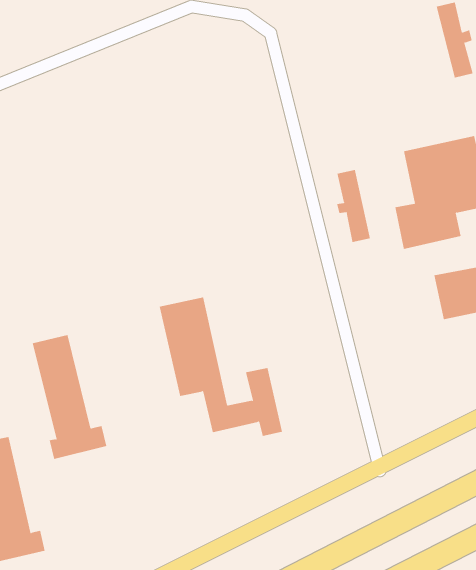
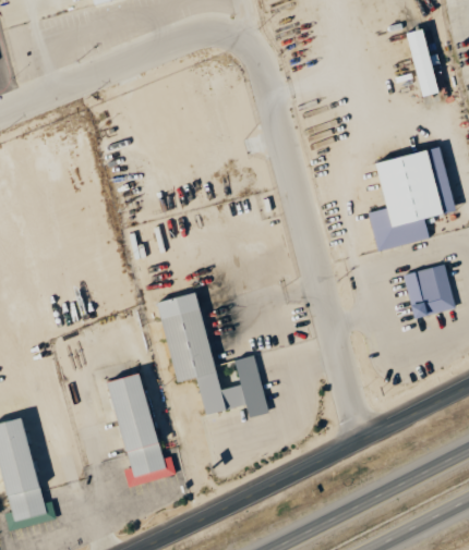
building: [337,169,370,243] -> none
building: [32,335,107,460] -> [108,374,176,486]

